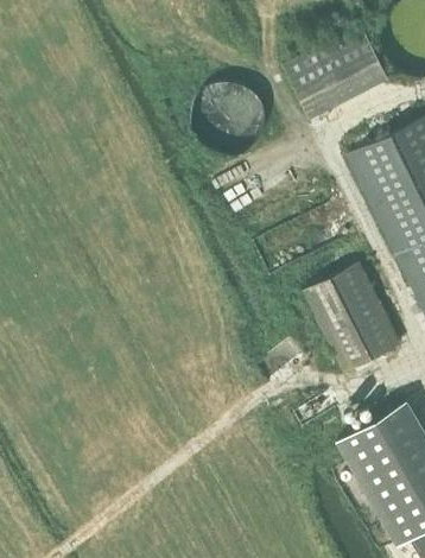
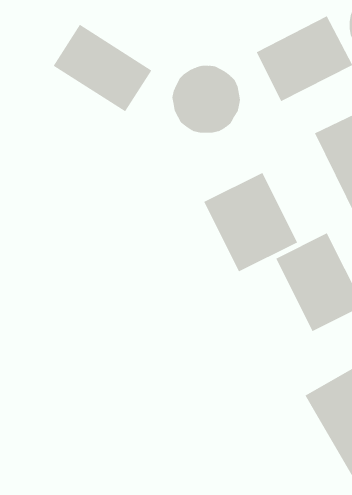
building: none -> [53,24,152,112]
building: none -> [204,172,298,272]

